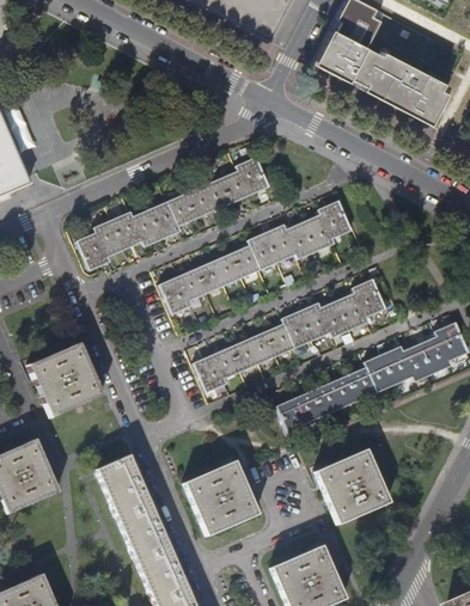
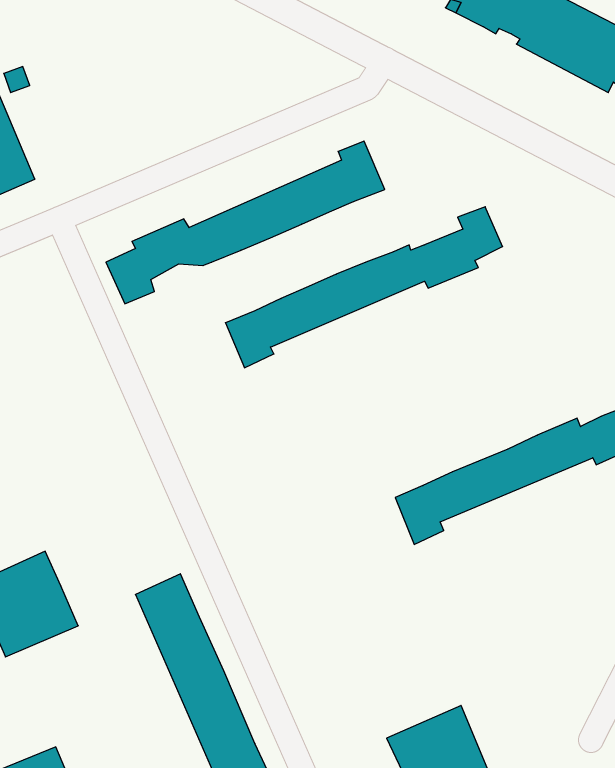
building: [195,277,386,391] -> none
building: [30,342,103,416] -> none
building: [317,449,390,522] -> none
building: [185,461,256,534] -> none

